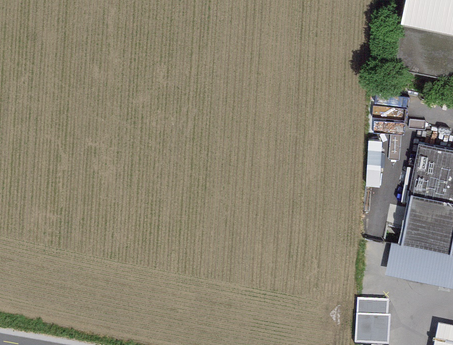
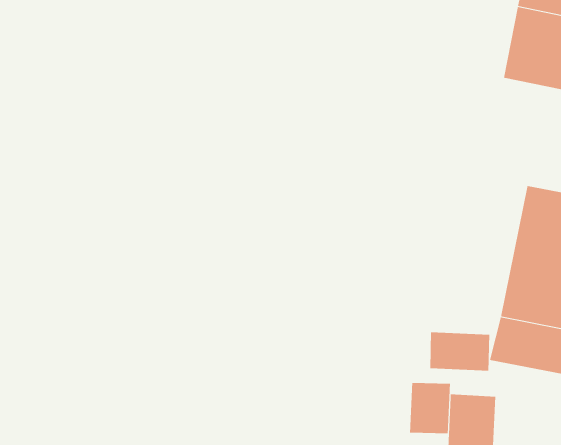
building: none -> [430,332,490,371]
building: none -> [410,382,450,434]

